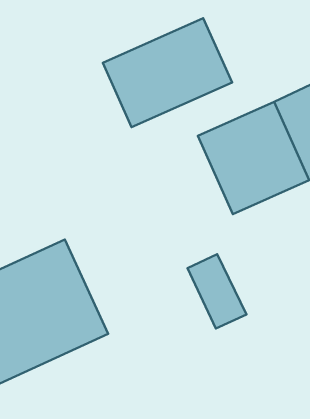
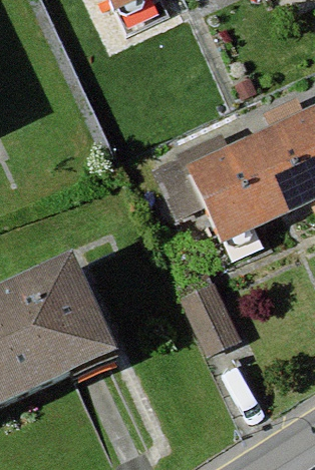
building: [103,18,232,127] -> none

